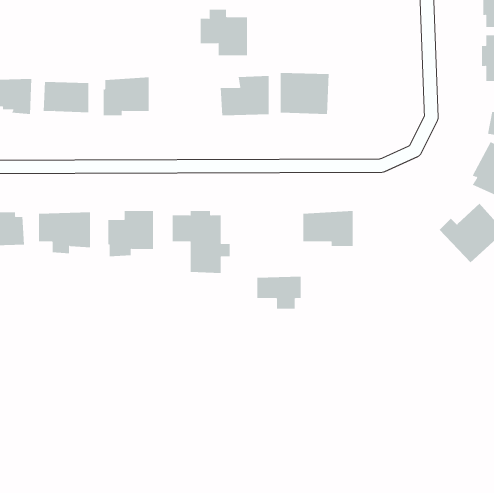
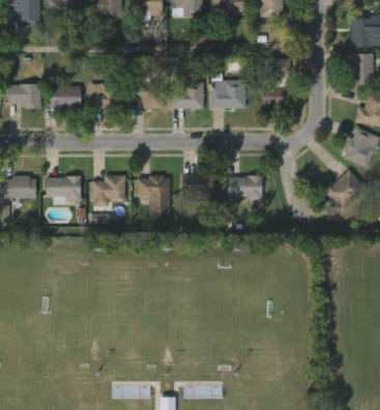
building: [200,9,248,56] -> [130,77,164,109]
building: none -> [261,59,291,109]
building: [257,276,302,309] -> [183,175,214,198]

